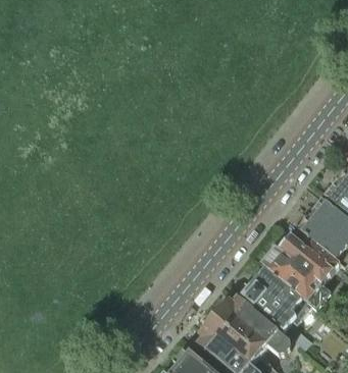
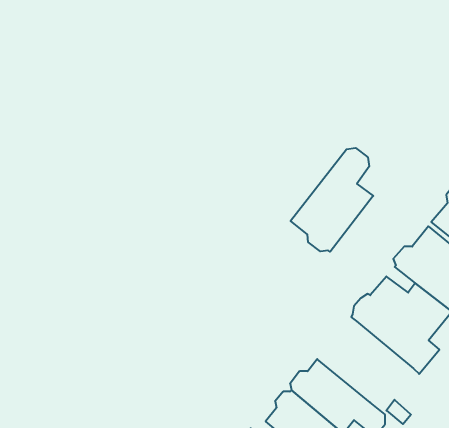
building: none -> [291,148,373,252]
building: [245,269,312,329] -> none

